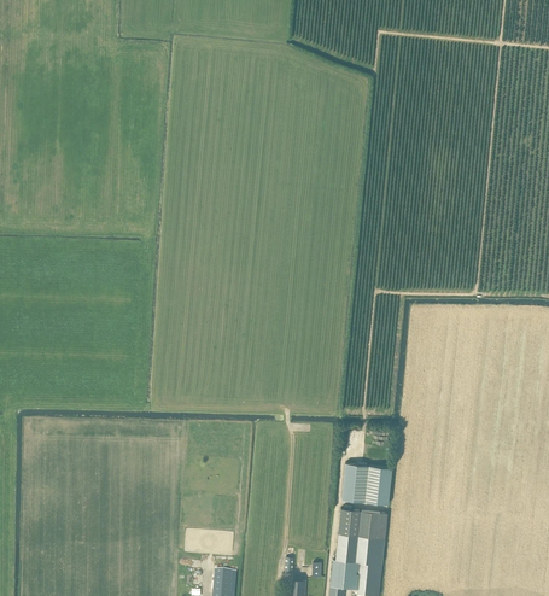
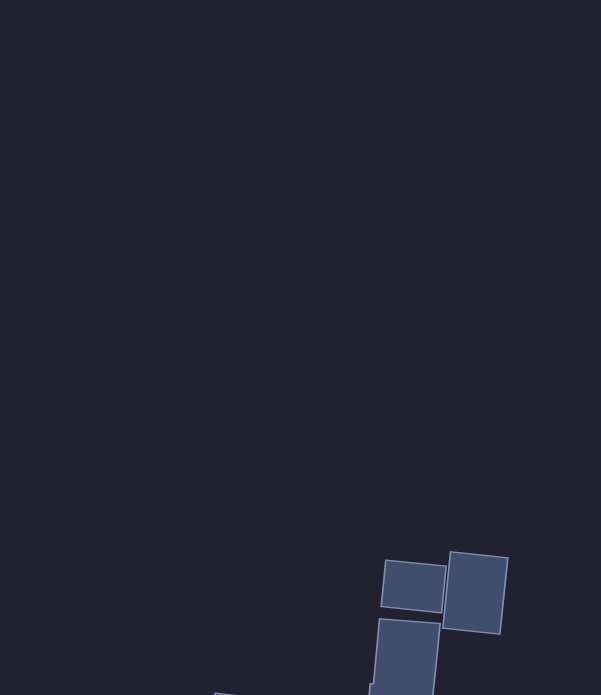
building: none -> [443,552,508,634]

